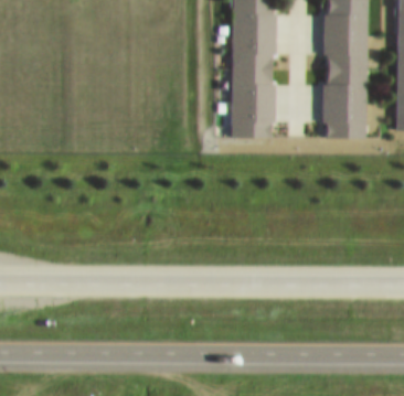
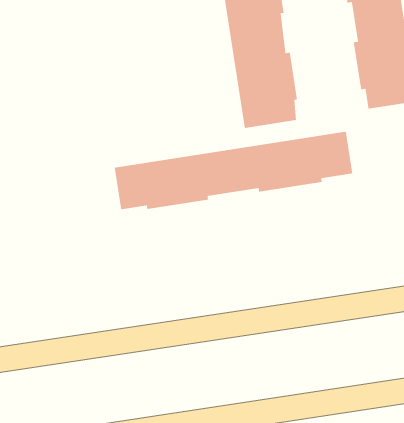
building: none -> [114,131,353,210]

